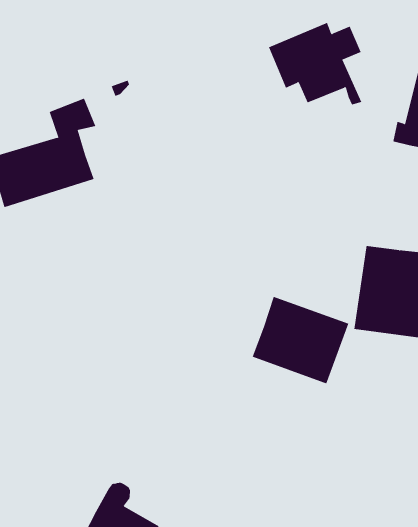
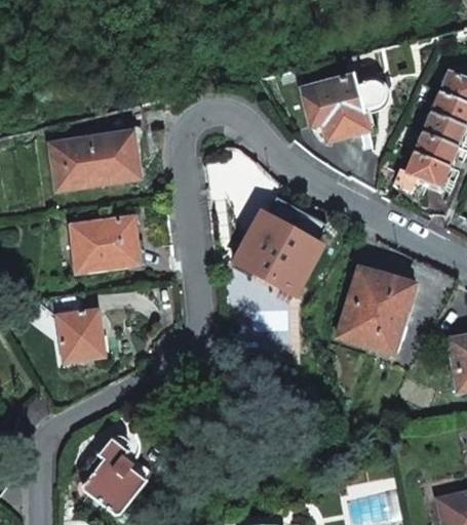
building: none -> [72,217,139,271]
building: [252,296,349,384] -> [235,213,321,294]
building: none -> [57,309,105,361]

